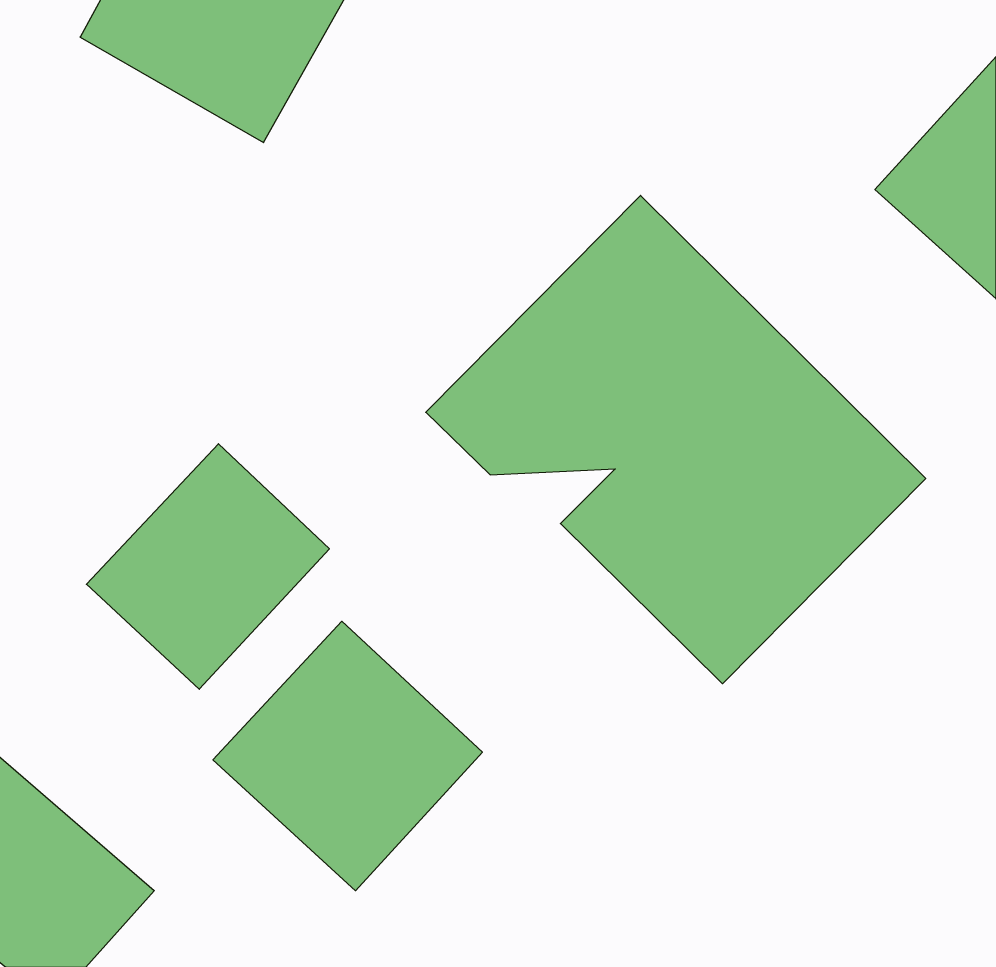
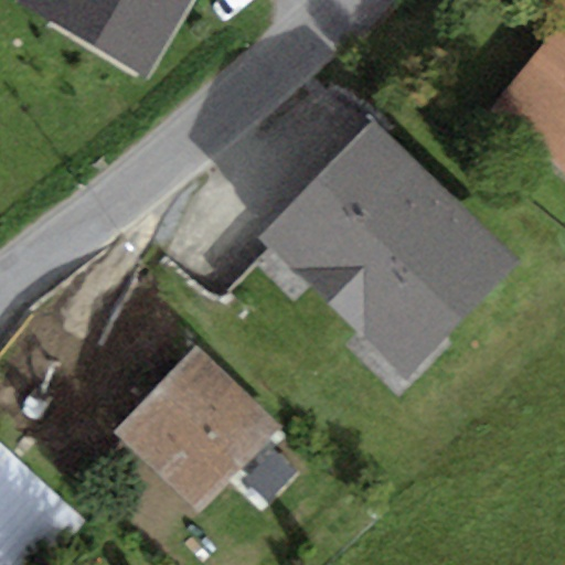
building: [86,444,329,689] -> none

